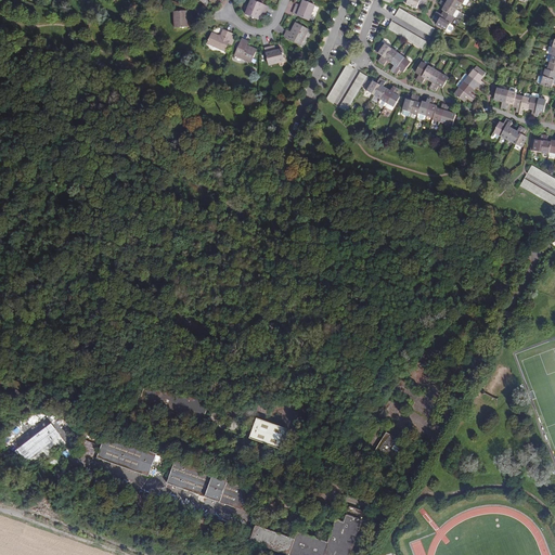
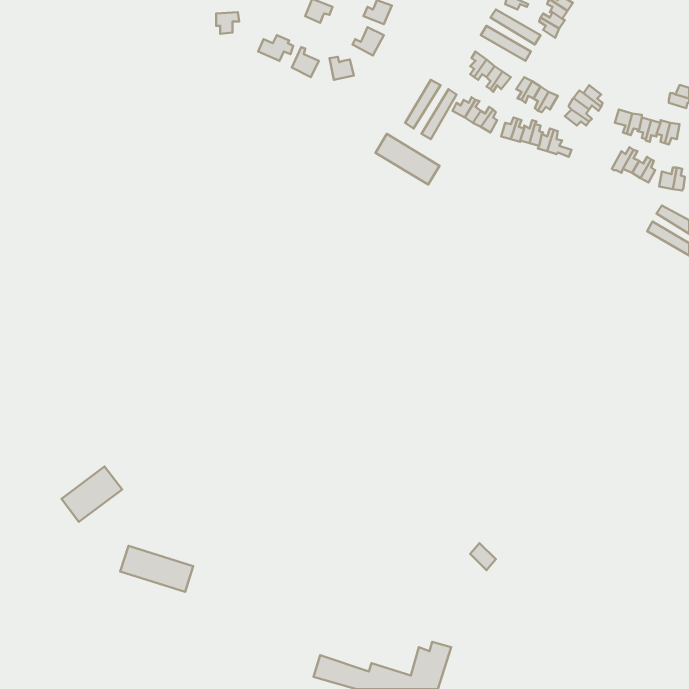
building: none -> [376,134,439,185]
building: [249,417,288,449] -> none
building: [16,423,65,467] -> [61,466,122,522]
building: [167,463,245,509] -> none

